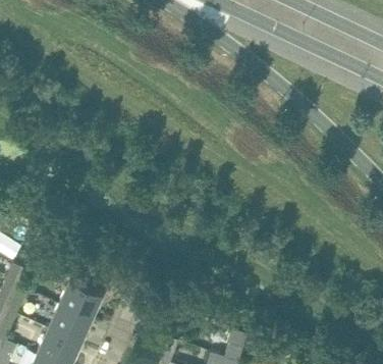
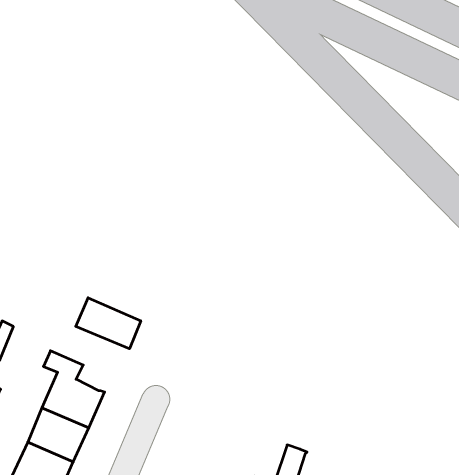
building: none -> [76,298,141,349]

